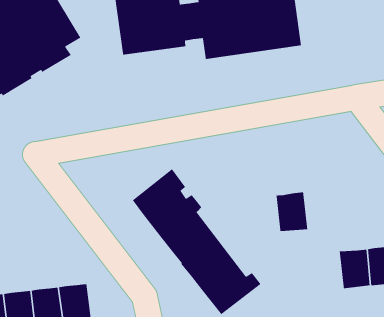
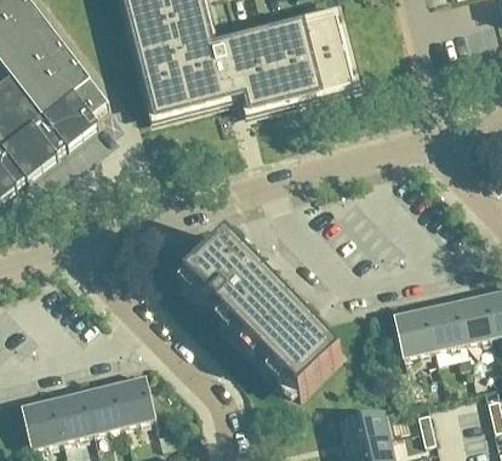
building: [276,191,308,233] -> [393,307,434,357]

